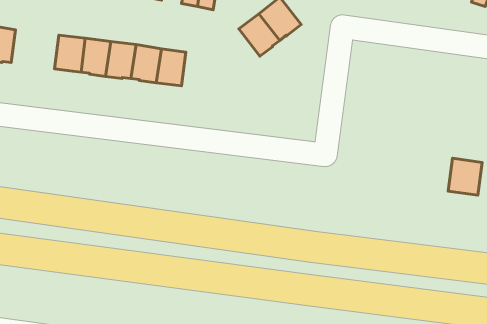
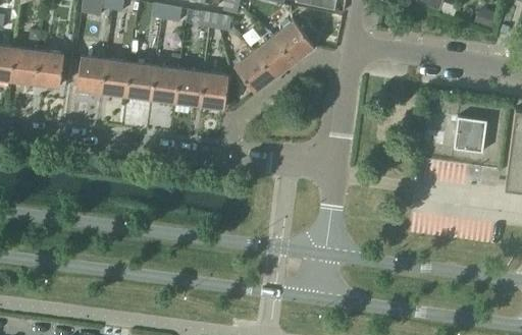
building: none -> [233,51,274,93]
building: none -> [35,52,64,88]
building: none -> [199,73,228,109]
building: [448,158,482,195] -> [455,117,487,153]

